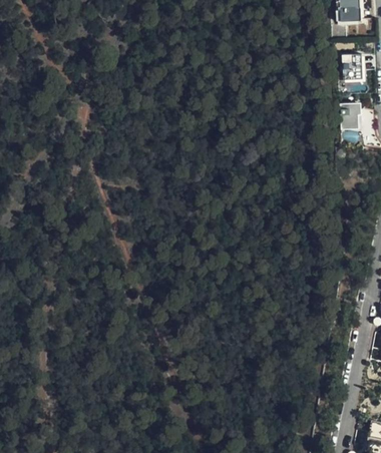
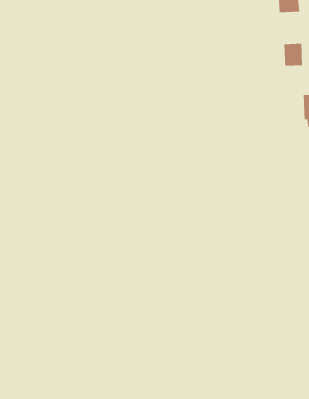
building: [341,105,358,128] -> none

